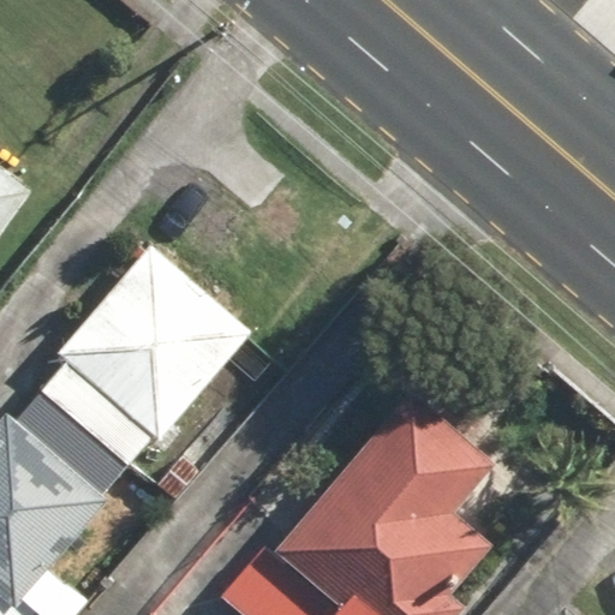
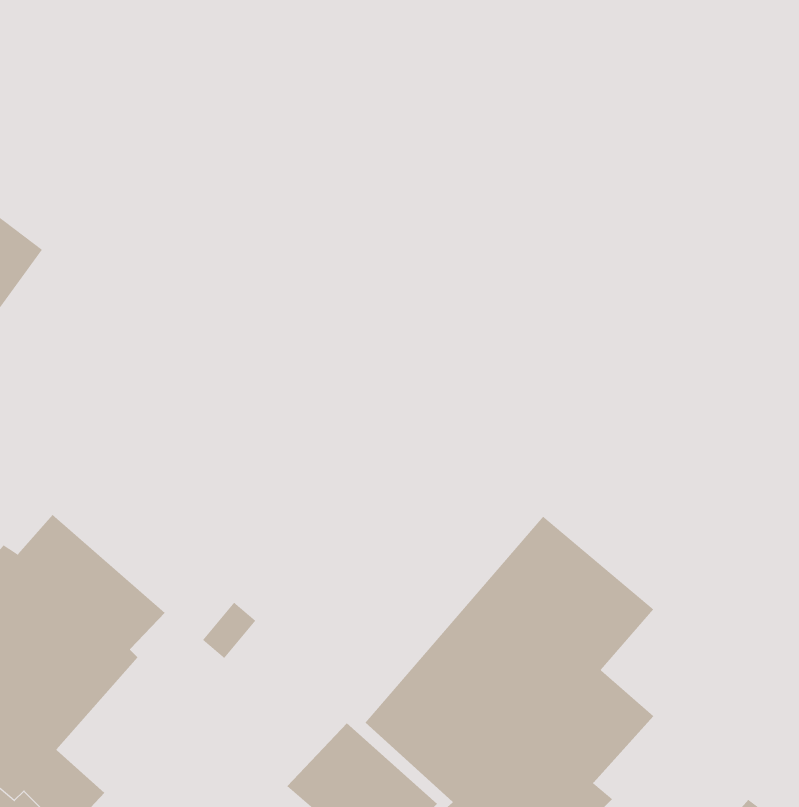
building: [42,247,249,465] -> none

